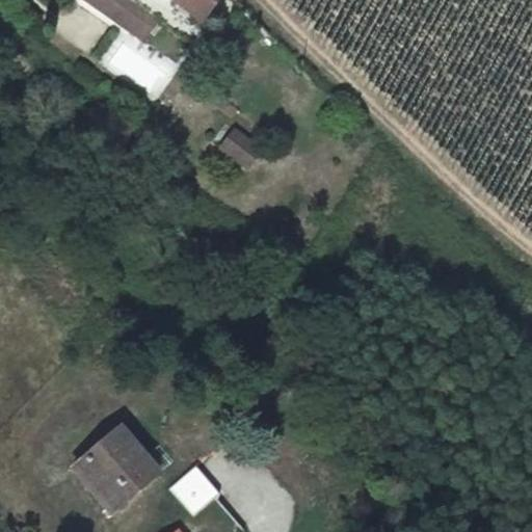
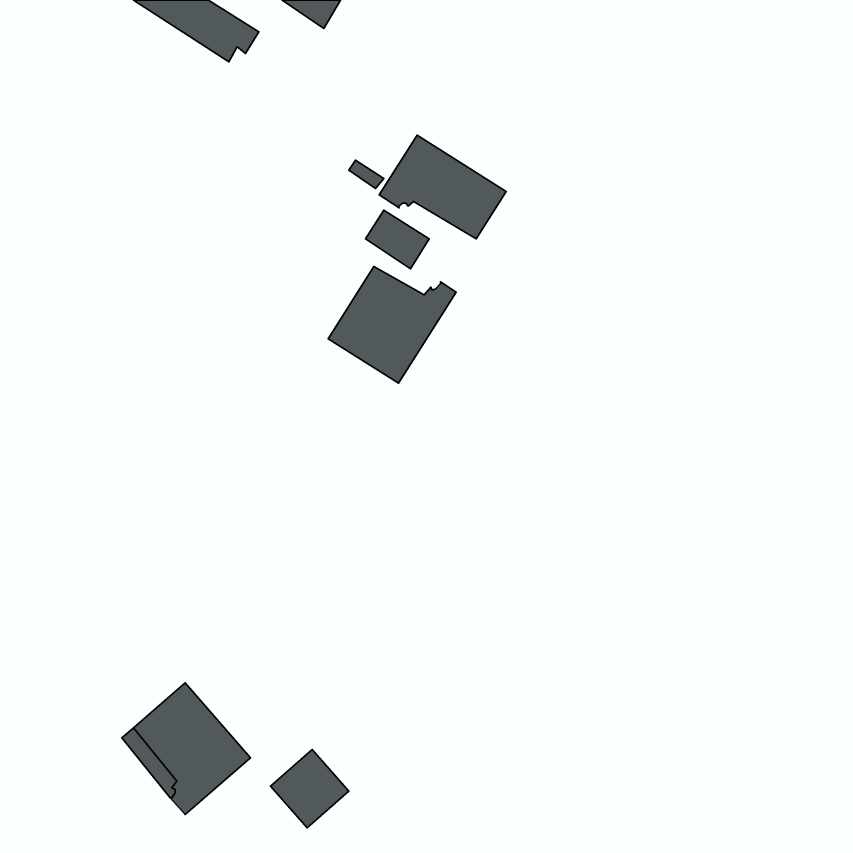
building: none -> [379,135,506,239]
building: none -> [328,267,456,383]

